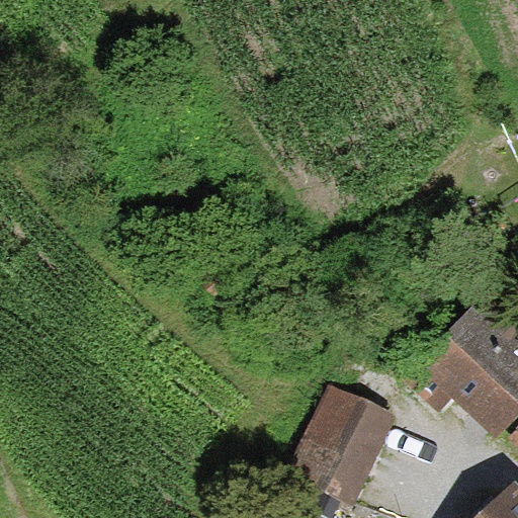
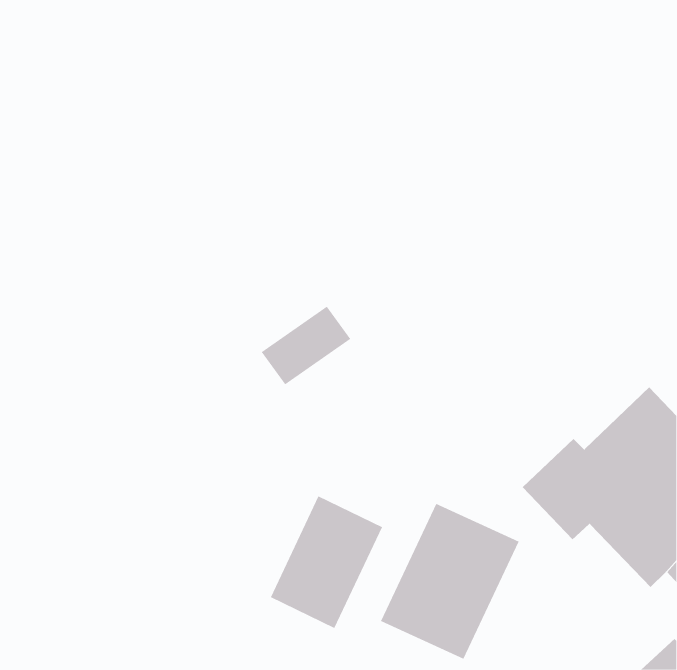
building: none -> [270,496,383,629]

